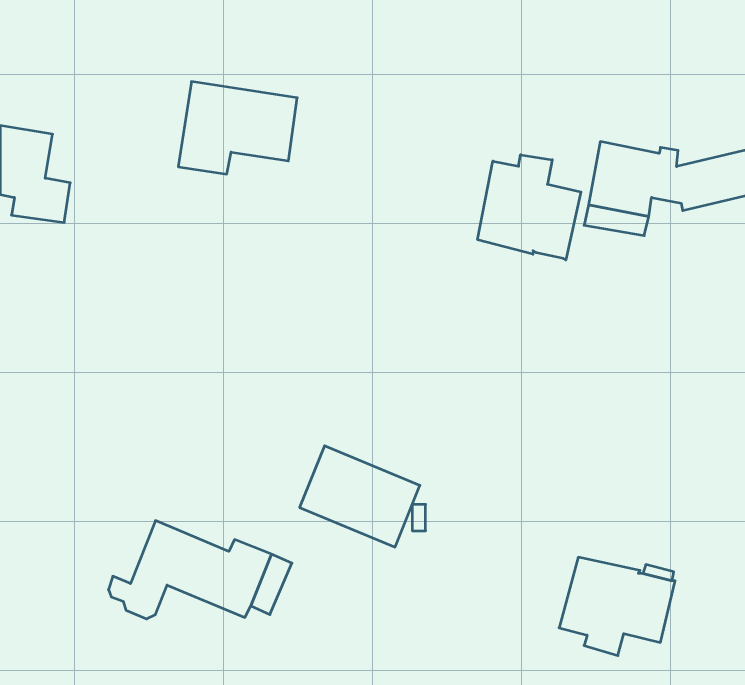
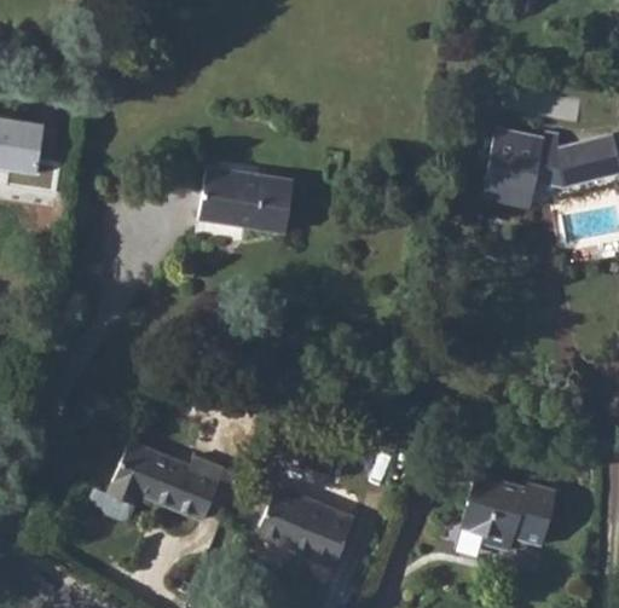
building: [178,82,297,174] -> [195,167,293,243]
building: [478,155,581,260] -> none
building: [300,446,420,547] -> [255,486,354,569]

